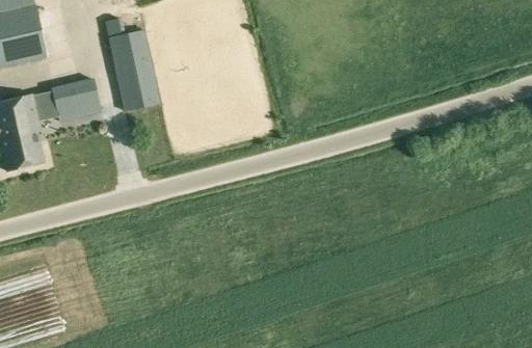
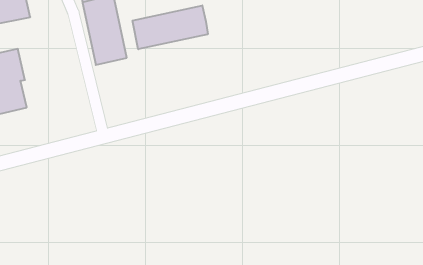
building: none -> [133,5,208,49]
building: [51,77,102,130] -> none

